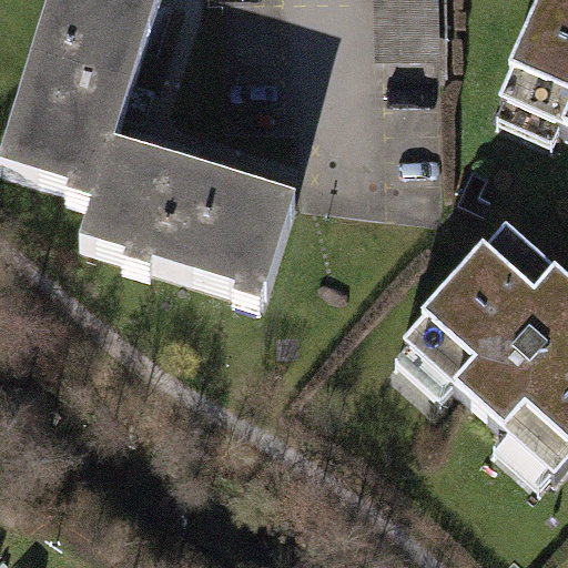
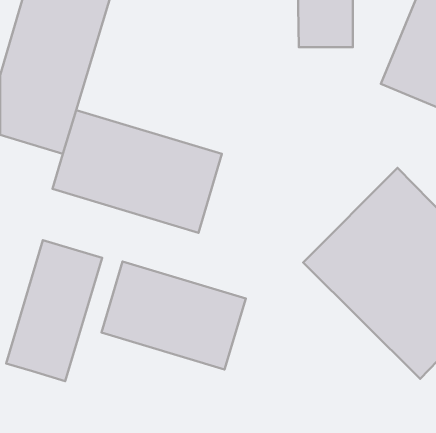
building: none -> [6,240,102,381]
building: none -> [101,262,246,369]

